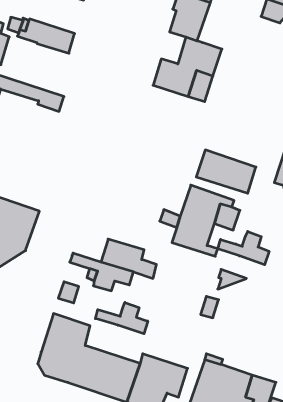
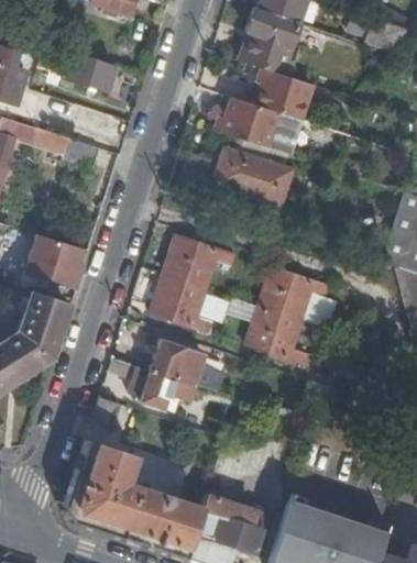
building: [196,150,256,193] -> [212,148,293,207]
building: none -> [26,234,84,289]
building: none -> [152,235,235,332]
building: [218,231,269,265] -> none
building: [95,302,148,334] -> none

